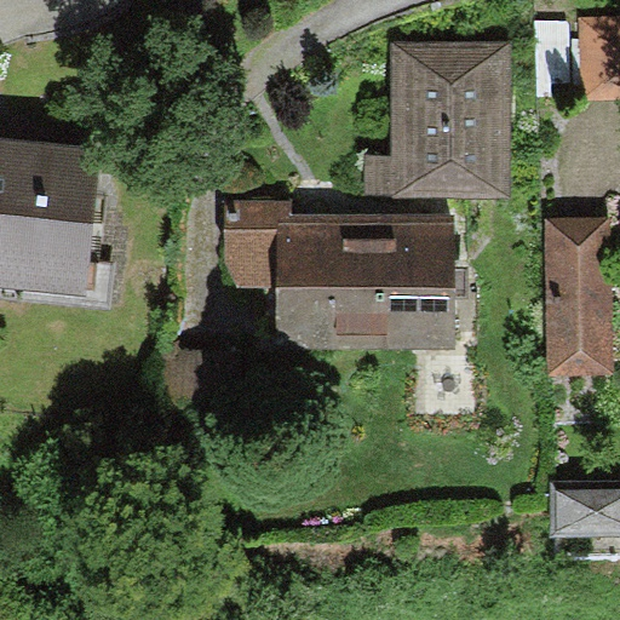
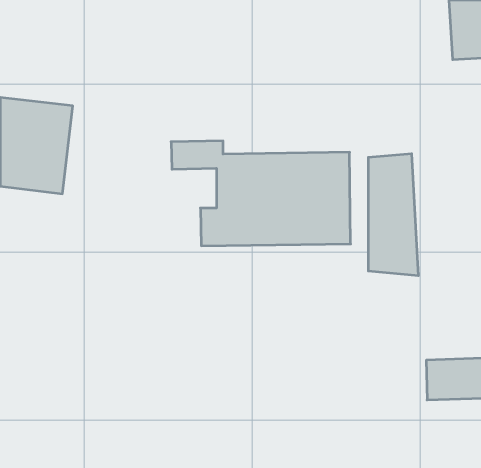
building: [395,42,496,184] -> none
building: [547,214,612,371] -> [368,154,418,276]

